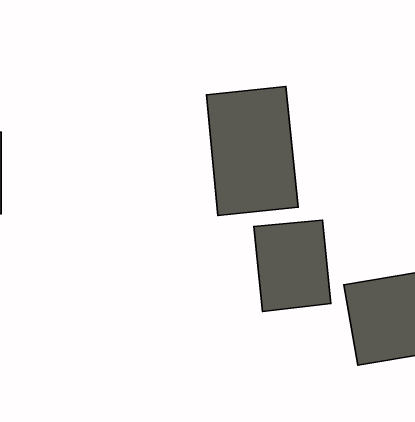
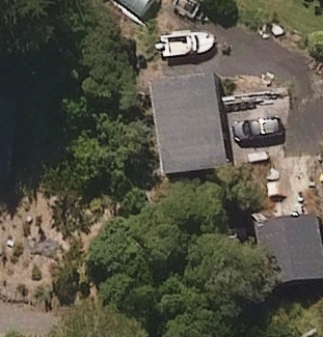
building: [254,220,331,311] -> none

